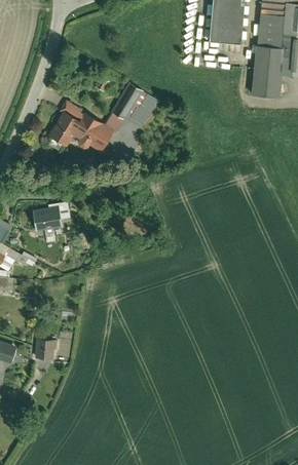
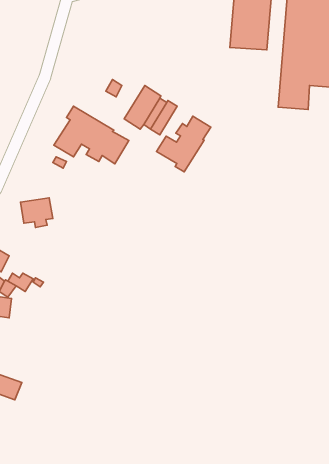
building: none -> [157,116,211,172]
building: [31,210,60,237] -> [21,198,53,228]
building: [36,335,58,357] -> none

